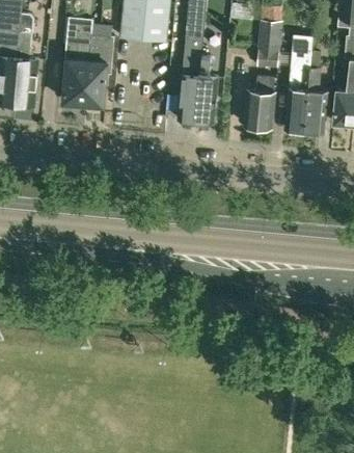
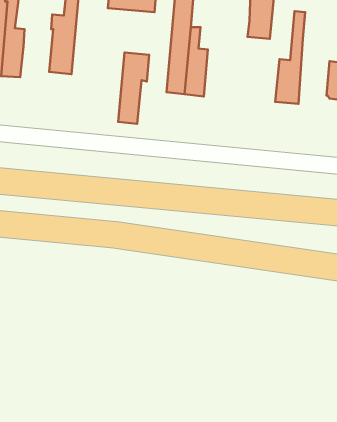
building: [84,35,114,105] -> [118,53,149,124]
building: [305,69,327,134] -> none
building: [242,77,274,129] -> none

